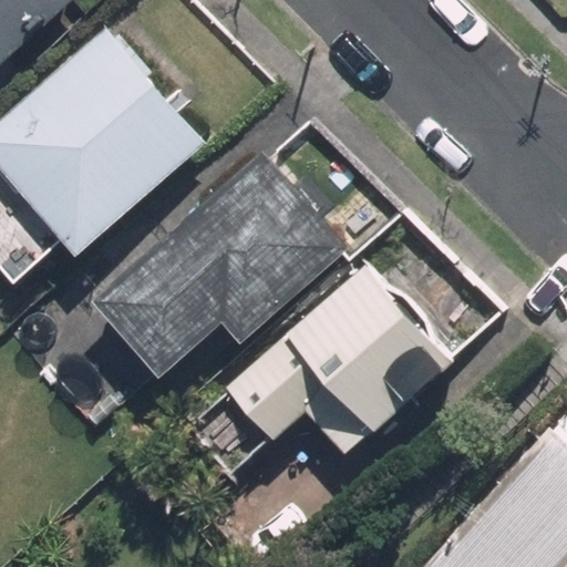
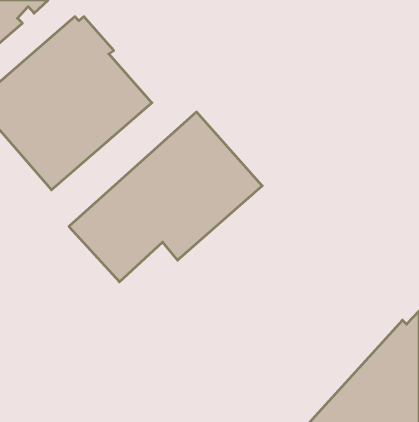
building: [226,271,449,456] -> none

